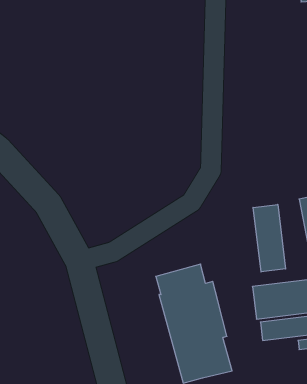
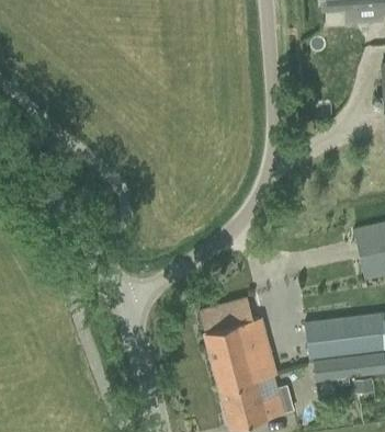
building: [253,204,286,272] -> none

